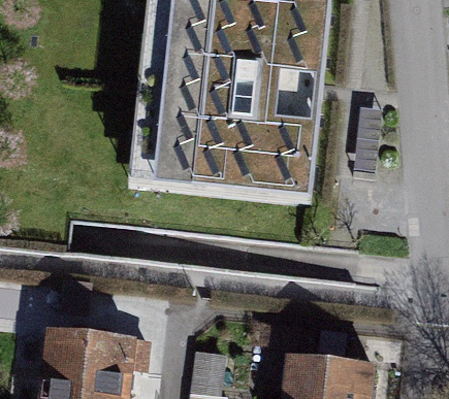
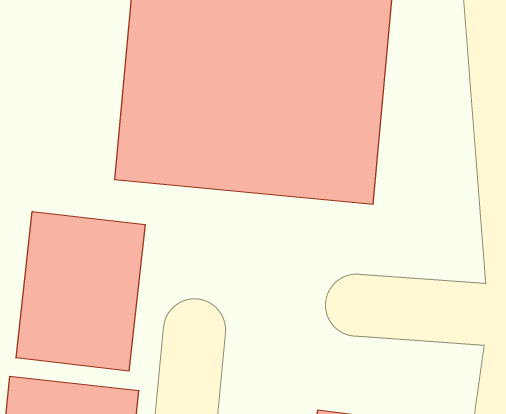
building: none -> [16,211,145,371]

